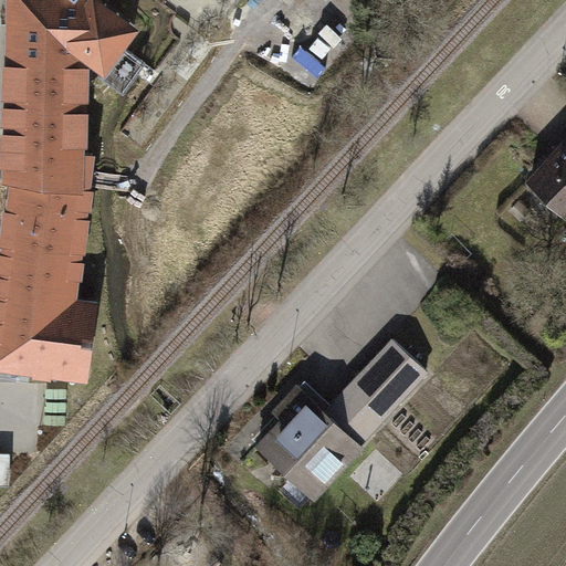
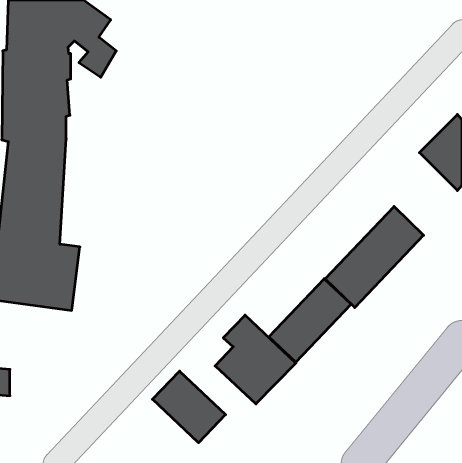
building: none -> [325,206,424,308]
building: none -> [152,371,226,443]

